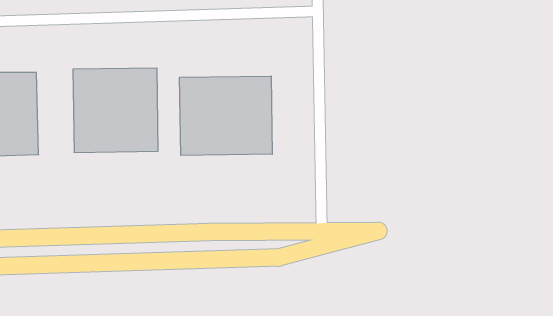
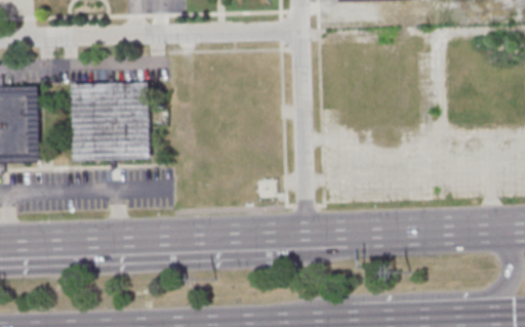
building: [180,76,272,155] -> none

